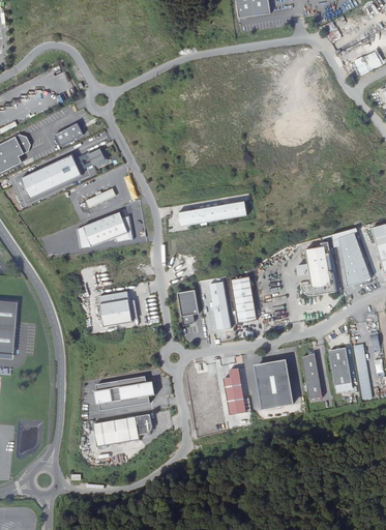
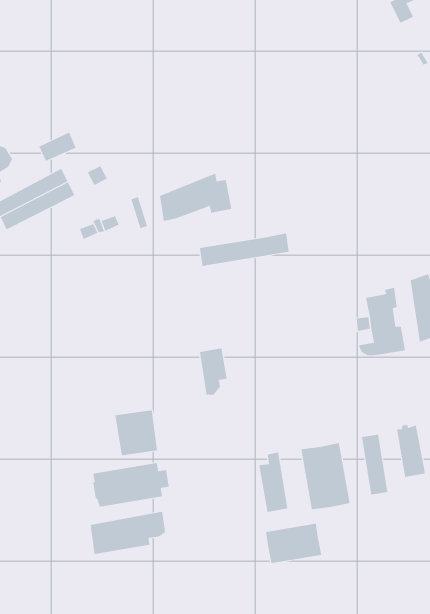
building: [77,211,132,248] -> [159,173,232,221]
building: [229,275,257,323] -> none
building: [208,281,230,330] -> none
building: [97,290,130,325] -> [115,410,158,456]
building: none -> [266,523,322,564]

